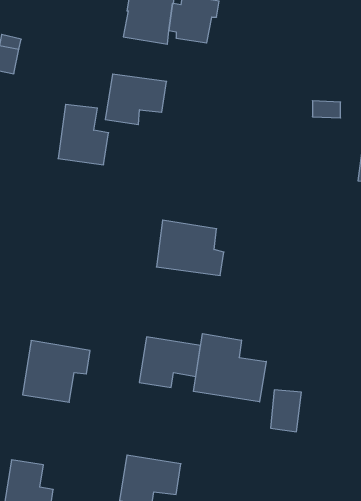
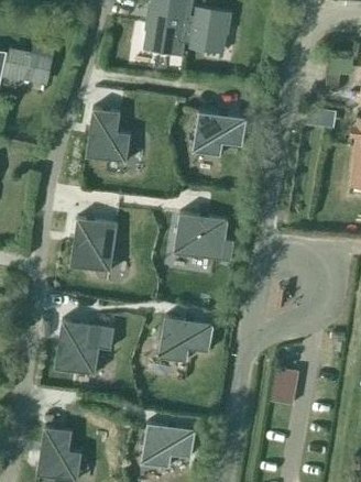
building: [105,74,167,125] -> [192,110,247,155]
building: none -> [69,217,118,272]
building: [193,334,266,402] -> none

